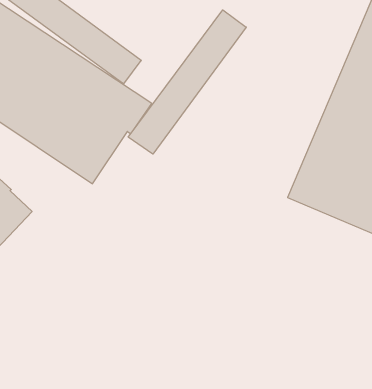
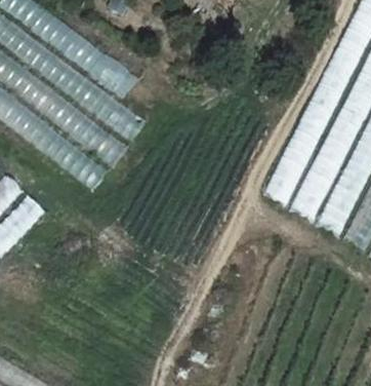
building: [128,10,246,154] -> none

